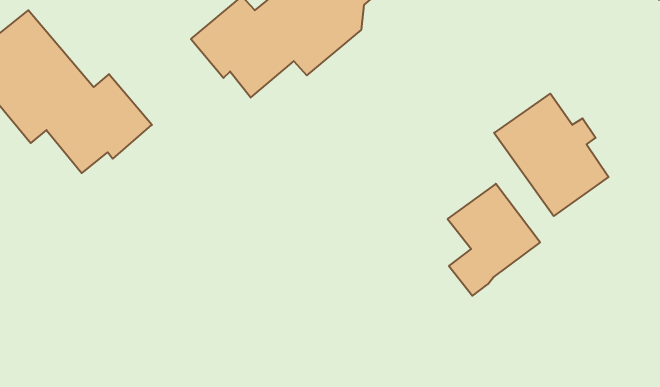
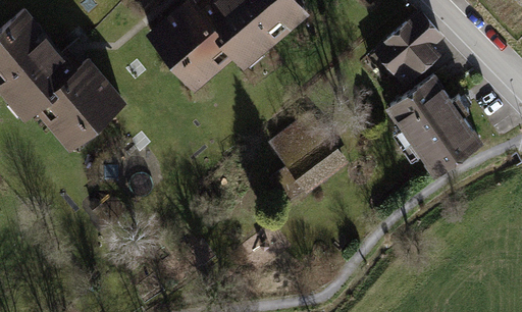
building: none -> [378,14,439,82]
building: [448,184,540,296] -> [271,117,344,205]

